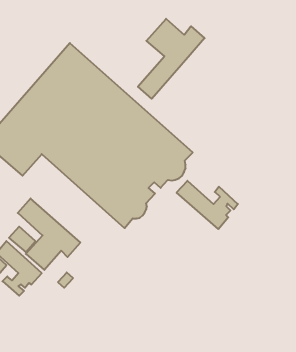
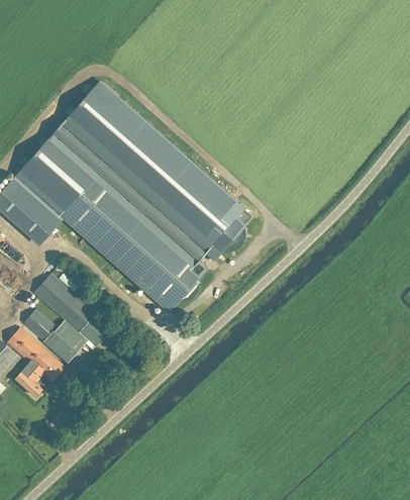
building: [138,19,205,99] -> none
building: [177,181,238,229] -> none

